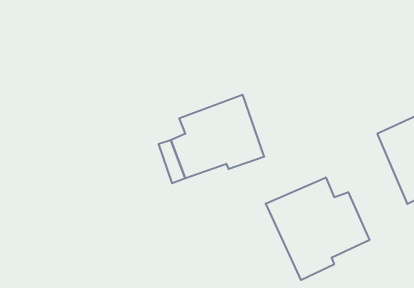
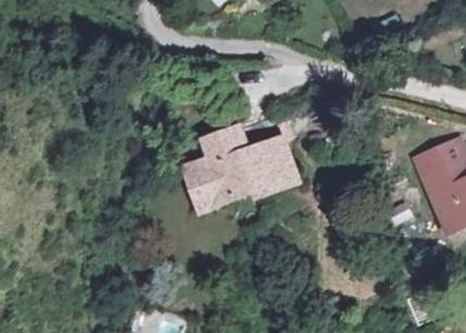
building: [266,177,369,280] -> none

